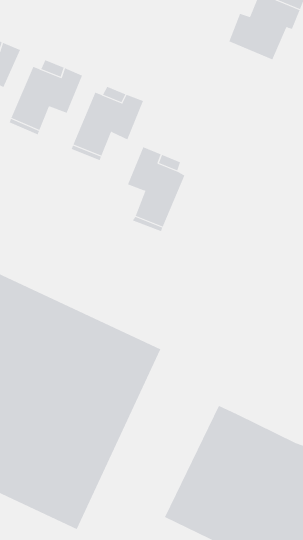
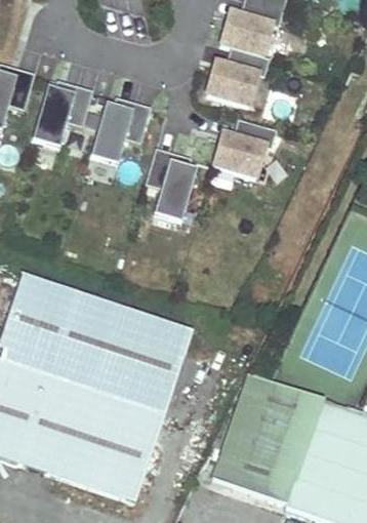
building: none -> [206,48,268,107]
building: none -> [214,120,277,178]

